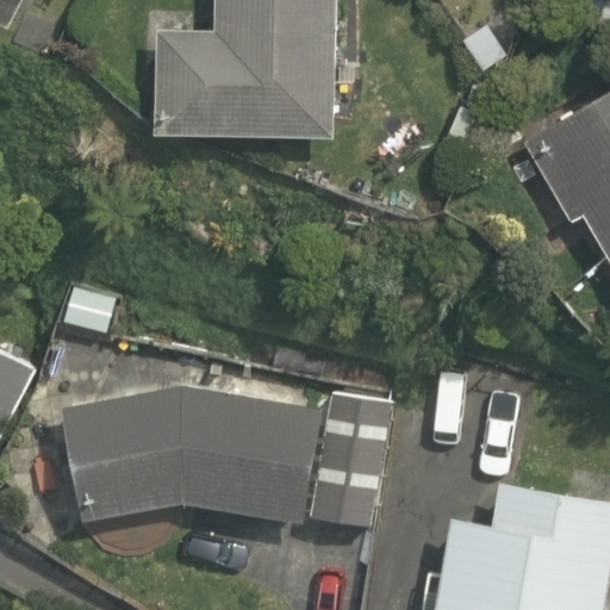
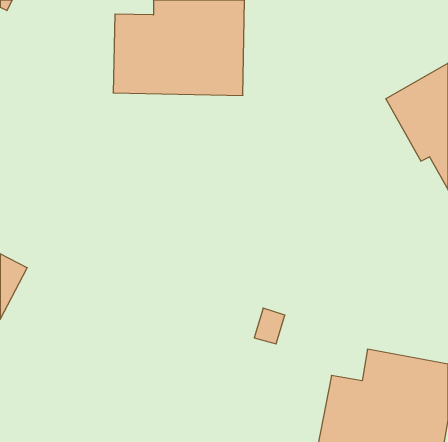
building: [63,386,322,525] -> none

